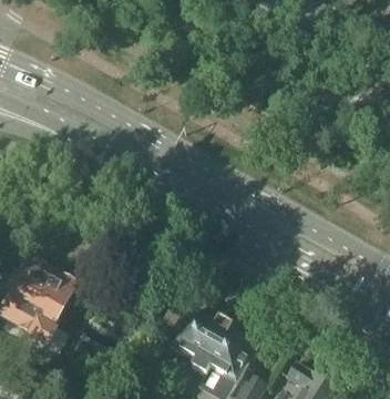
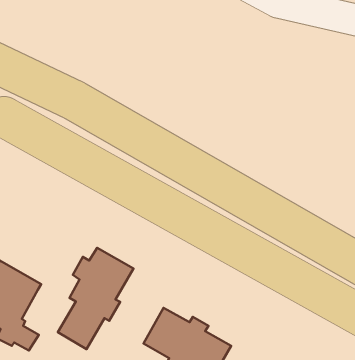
building: none -> [58,248,133,349]

